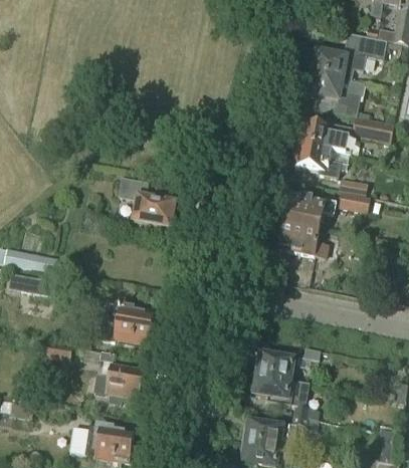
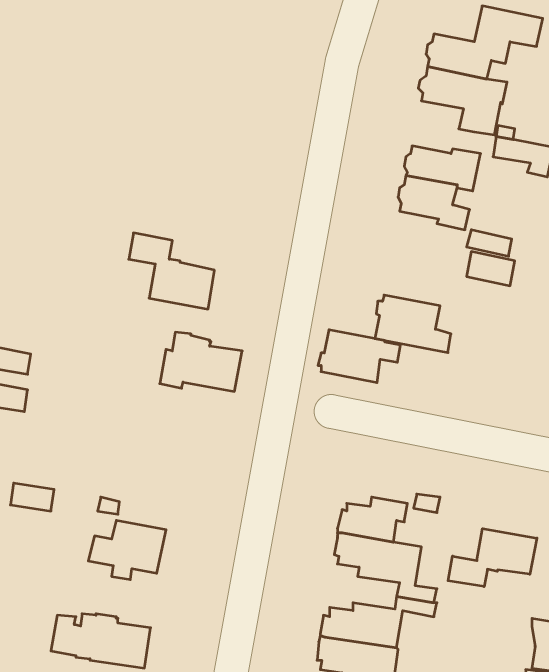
building: [282,192,336,226] -> [318,330,400,383]
building: [100,303,154,341] -> [160,332,242,391]
building: none -> [448,529,537,587]

